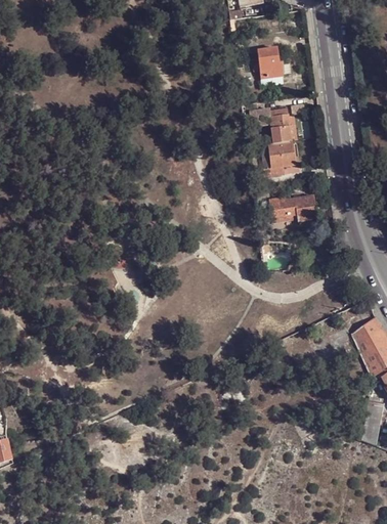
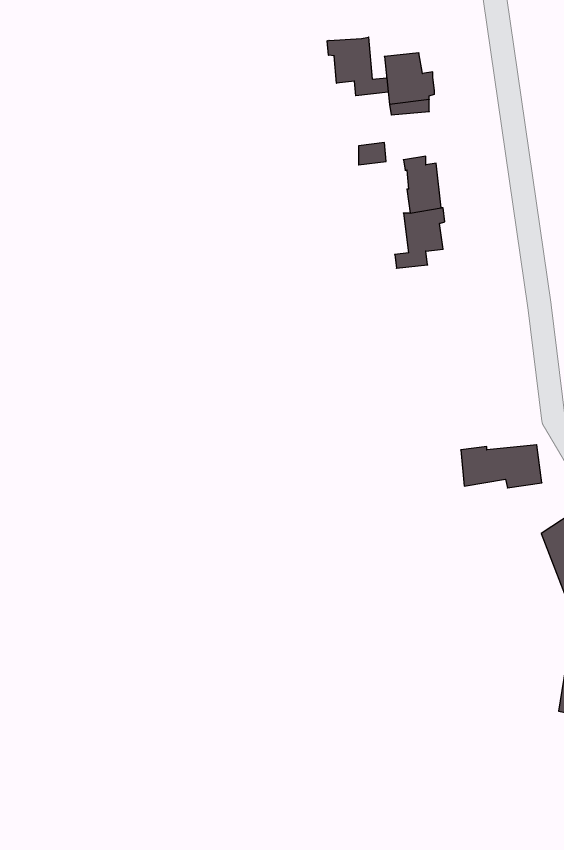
building: none -> [327,37,388,96]
building: [271,195,319,221] -> [461,445,542,488]

